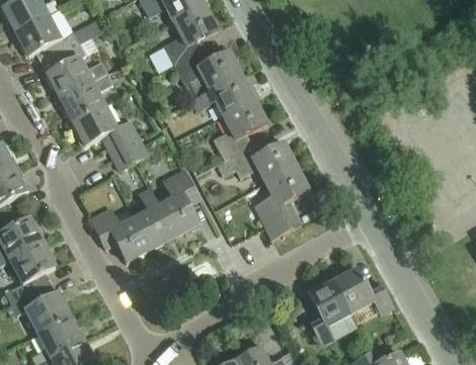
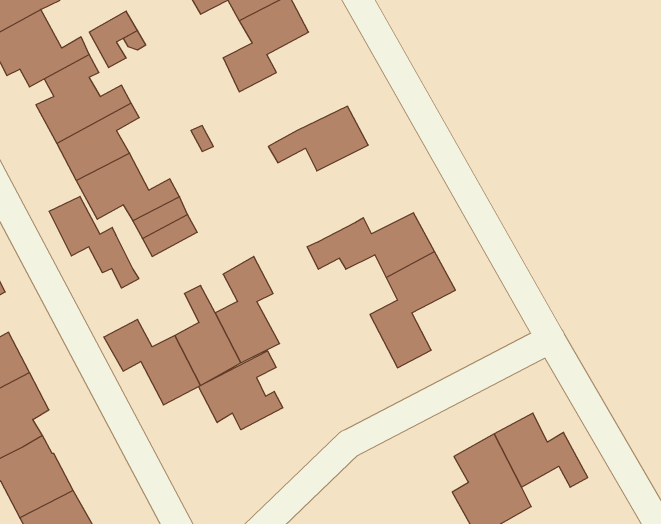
building: [174,51,242,97] -> none
building: [213,99,267,160] -> none
building: none -> [49,196,139,288]
building: none -> [199,351,283,430]

